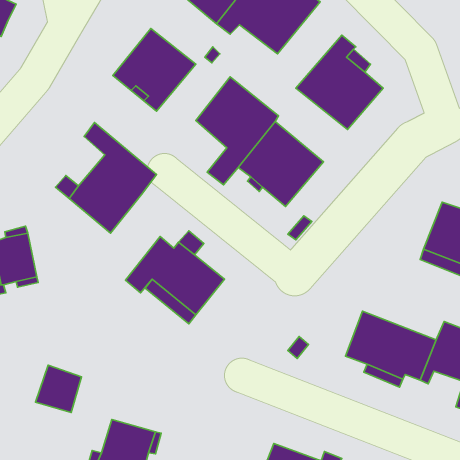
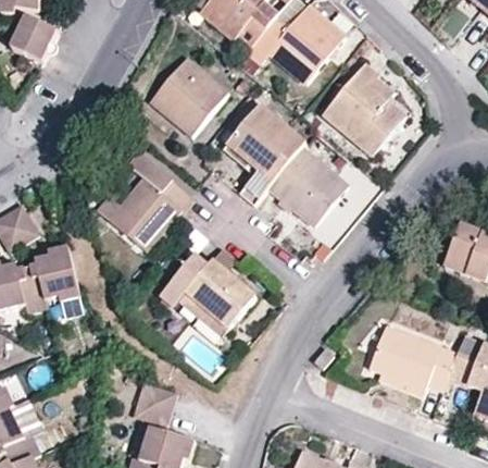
building: [35,365,81,412] -> [132,380,175,424]

